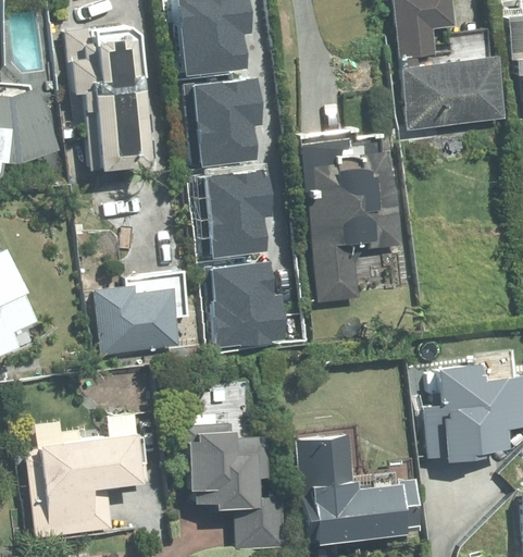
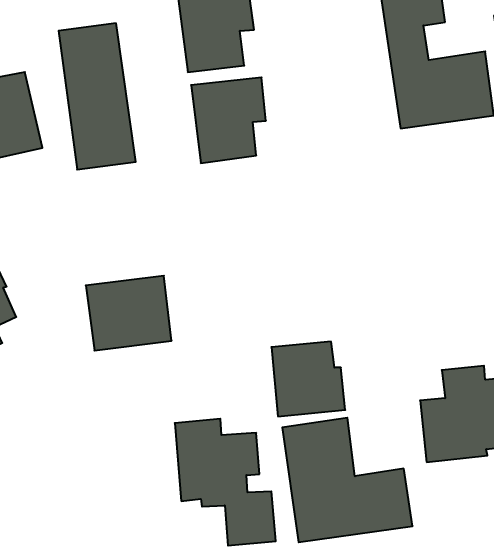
building: [295,127,401,300] -> none
building: [211,173,286,258] -> none
building: [219,268,292,343] -> [271,342,345,416]
building: [24,414,141,536] -> none

